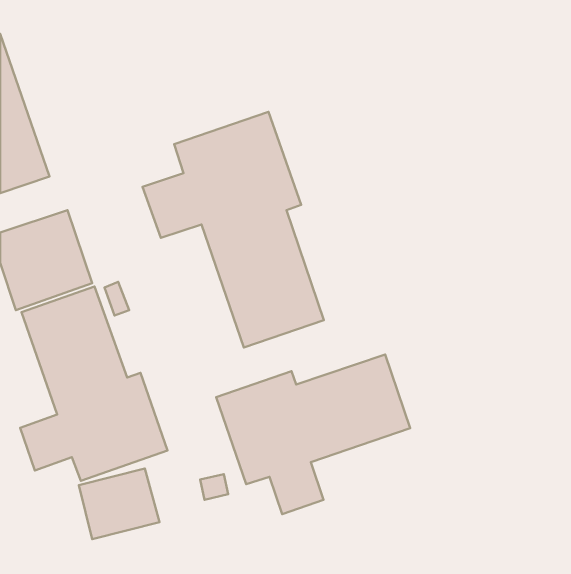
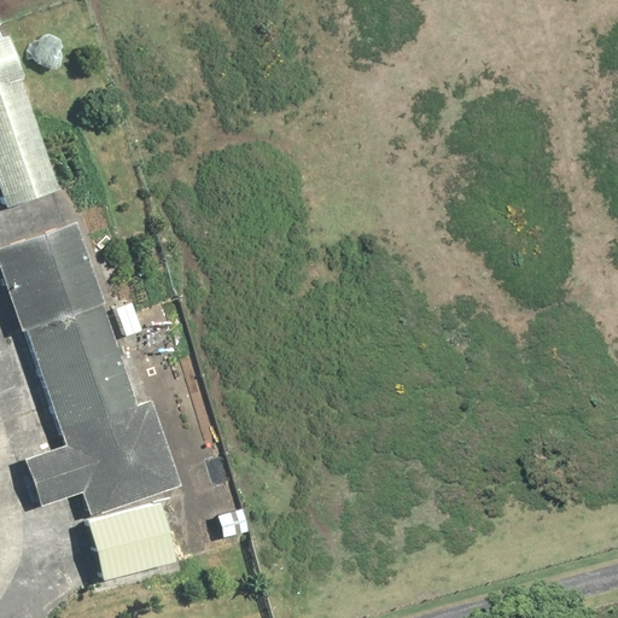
building: [143,112,324,348] -> none
building: [216,355,410,514] -> none

